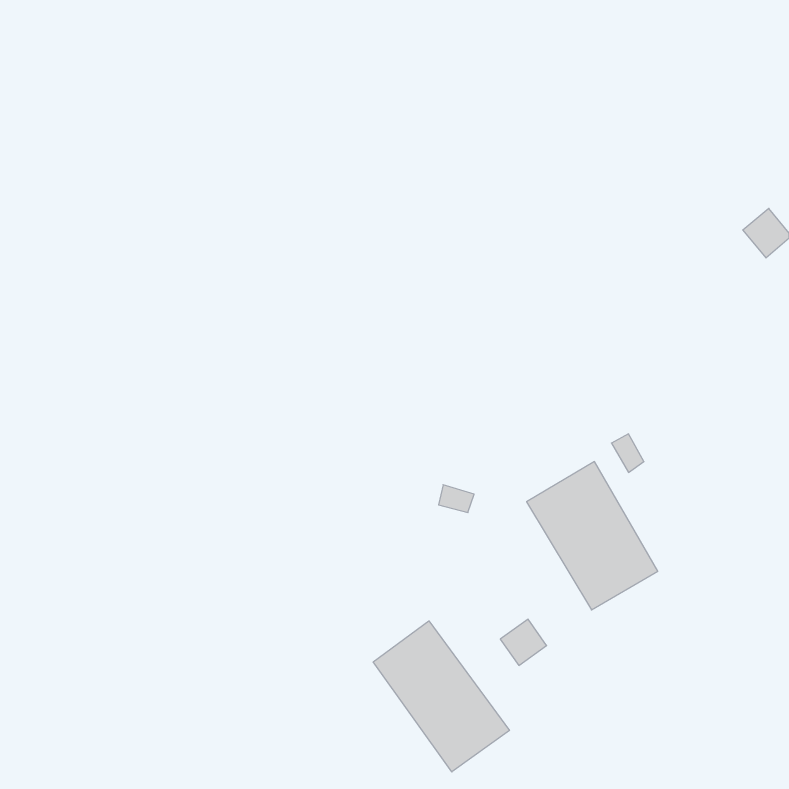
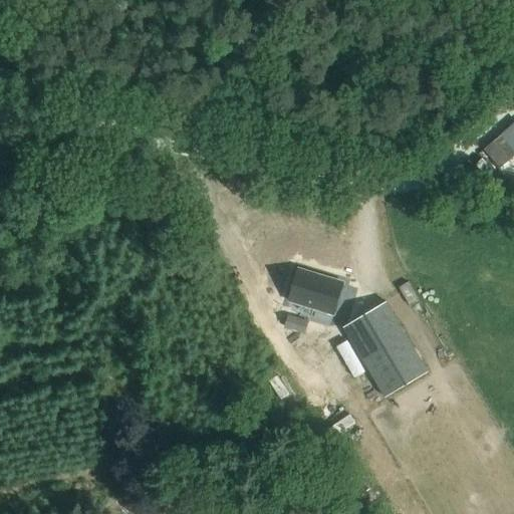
building: none -> [289,270,342,314]
building: [373,621,509,772] -> none

